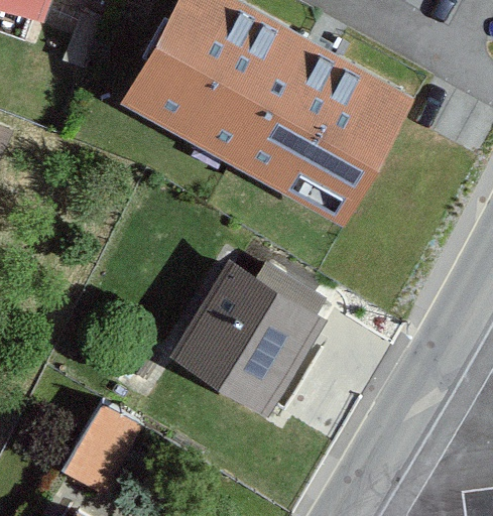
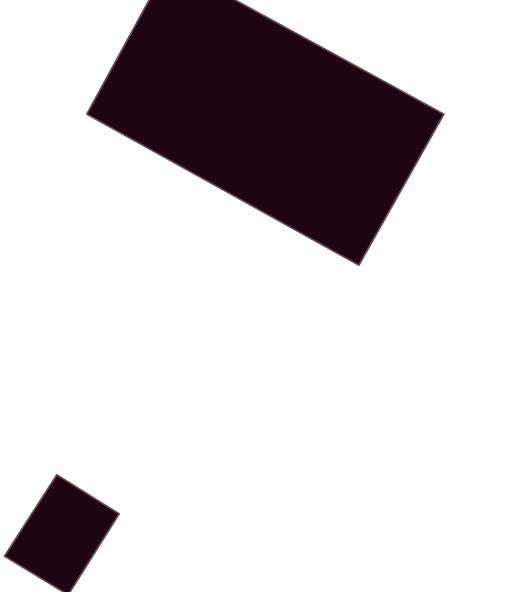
building: [172,260,329,416] -> none

